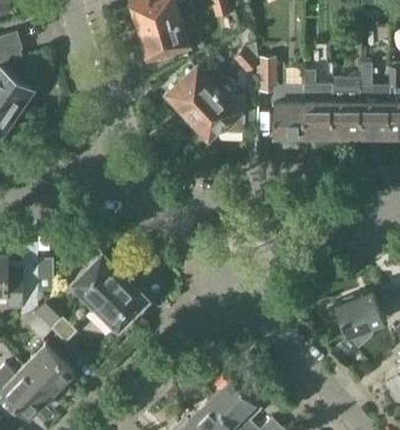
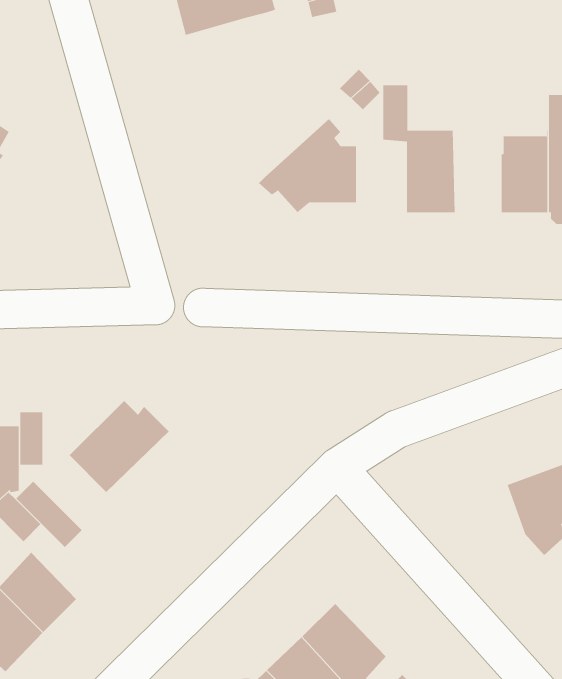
building: [139,14,194,59] -> none
building: [166,67,227,116] -> none
building: [302,72,331,142] -> none
building: [90,271,147,331] -> none

